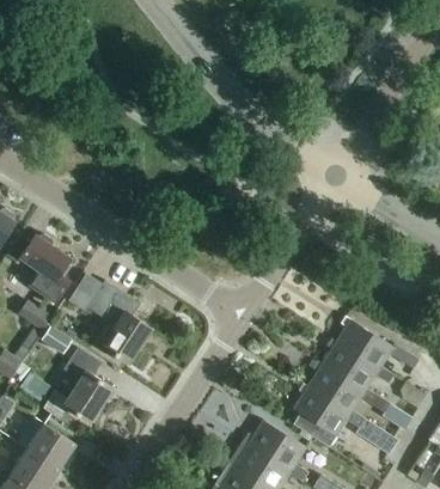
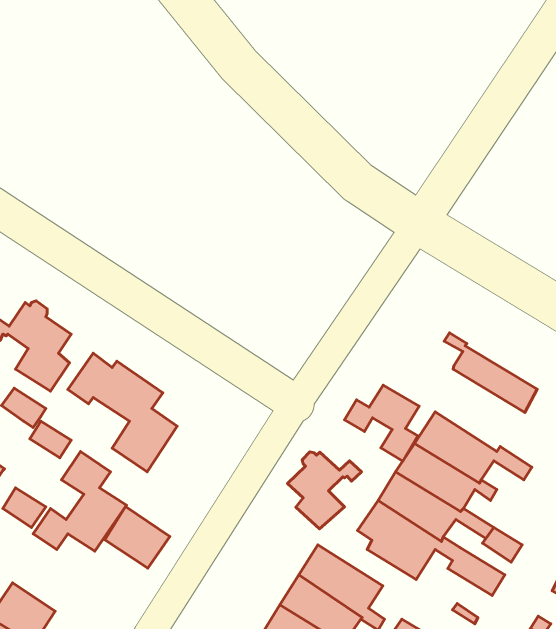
building: none -> [444,333,537,413]
building: none -> [345,385,419,461]
building: none -> [287,452,361,529]
building: [26,422,75,469] -> [105,506,170,568]

